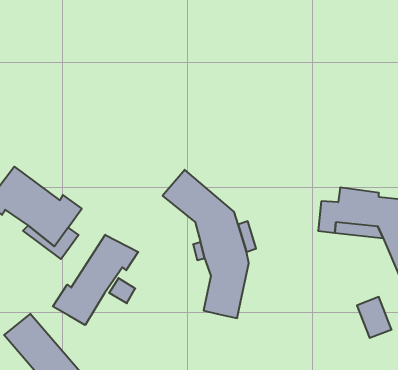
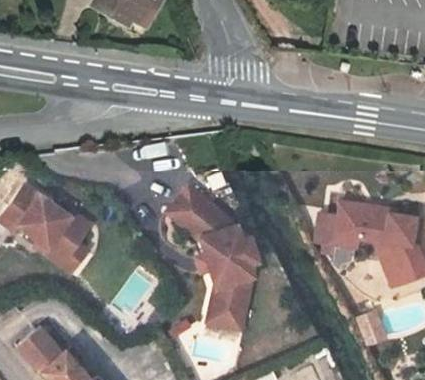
building: [53,235,138,325] -> none

